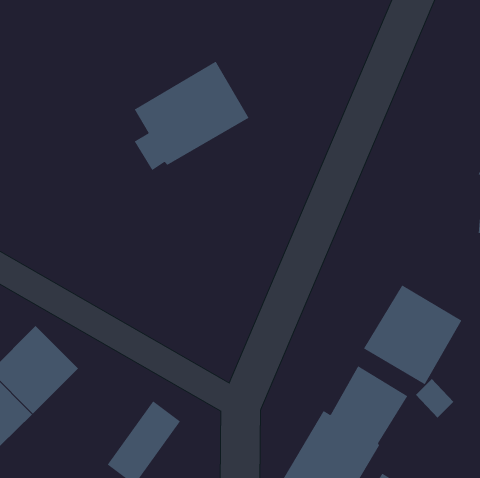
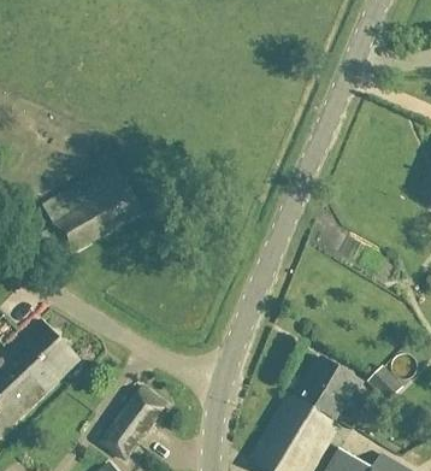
building: [134,61,250,171] -> [43,163,143,258]
building: [363,285,462,385] -> none

